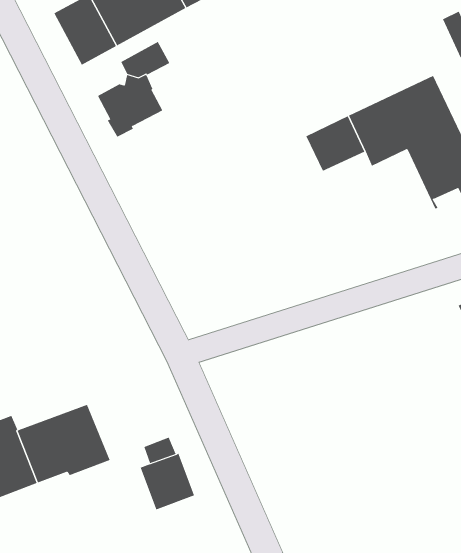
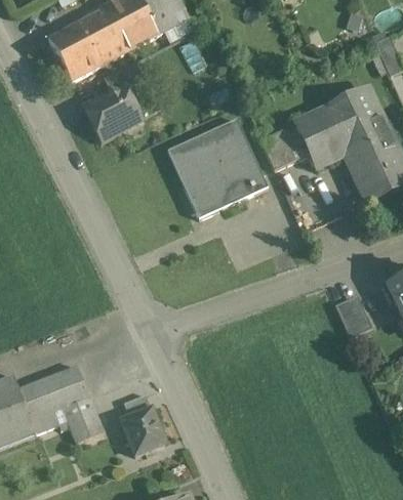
building: none -> [167,118,268,217]
building: none -> [335,294,372,337]
building: none -> [61,413,104,443]

